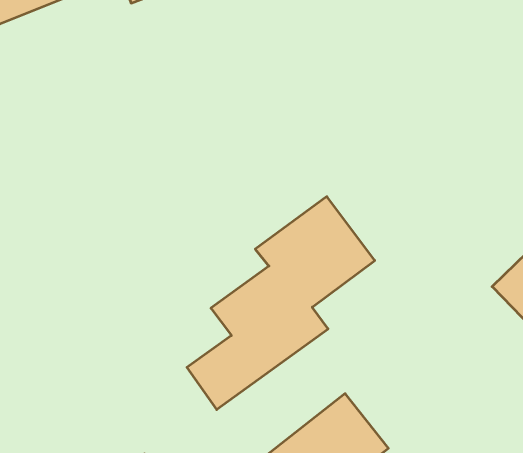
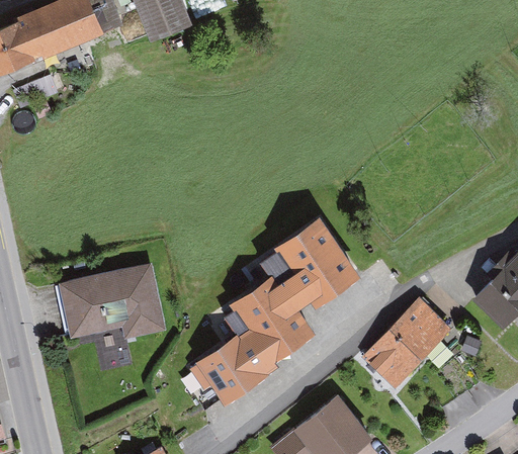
building: none -> [53,262,167,344]
building: none -> [363,298,451,391]

